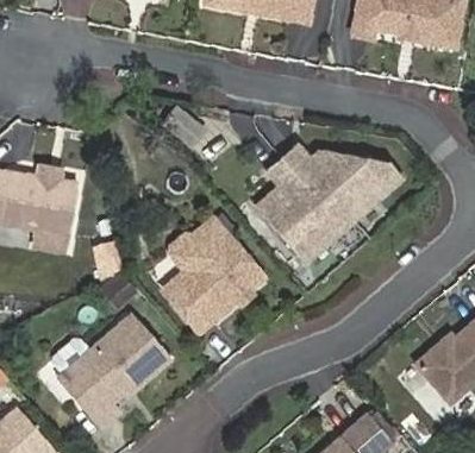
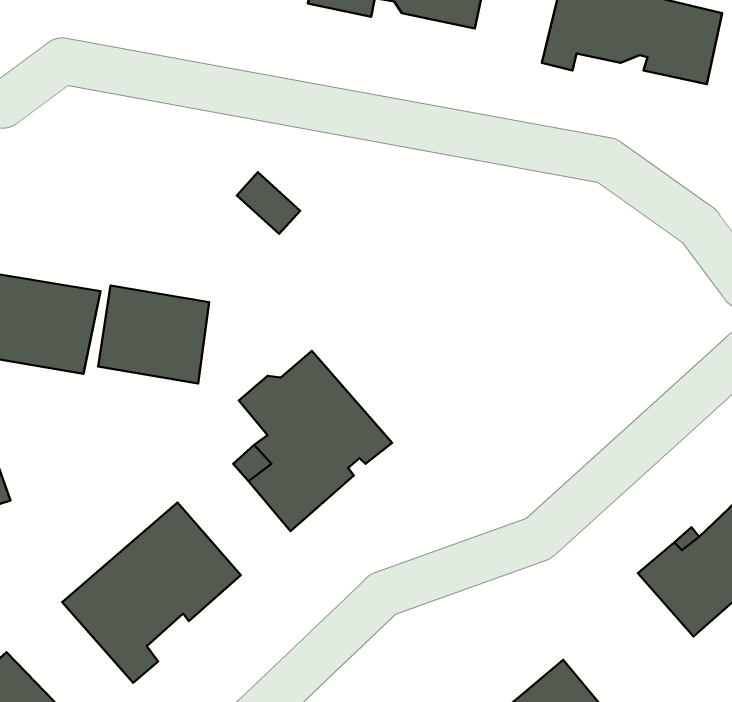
building: [251,140,401,263] -> none
building: none -> [98,285,209,384]

